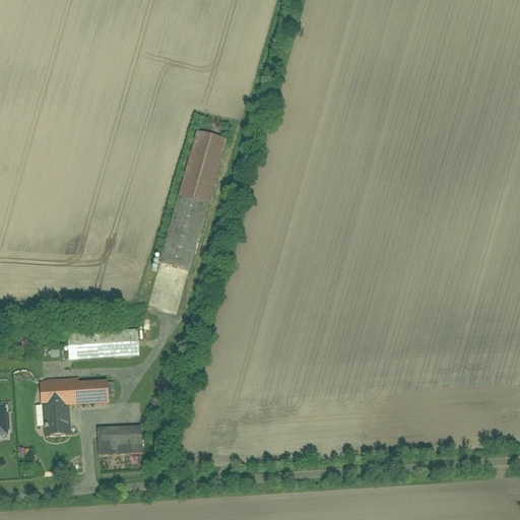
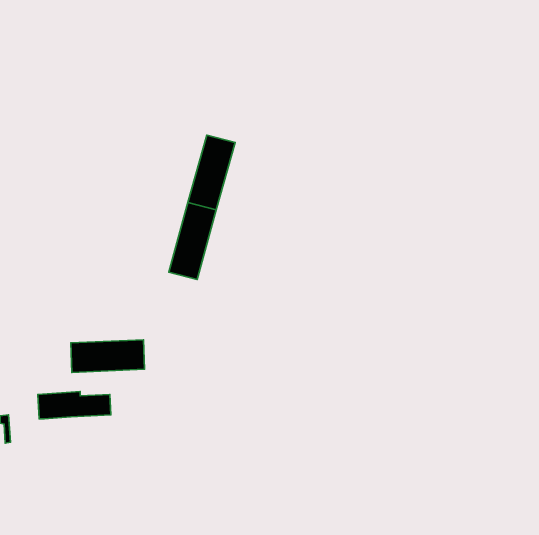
building: [43,401,70,435] -> none
building: [96,425,142,454] -> none

